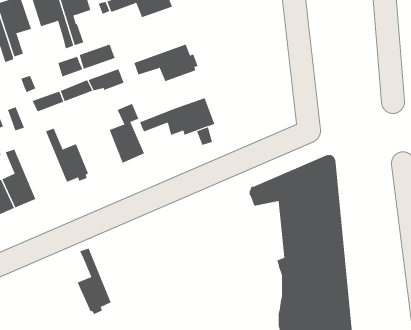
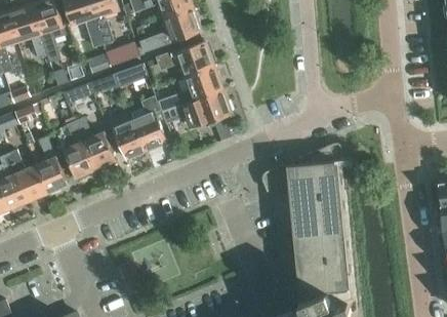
building: none -> [138,7,200,52]
building: none -> [157,66,221,113]
building: none -> [113,120,146,159]
building: [77,248,112,315] -> [63,118,94,180]

